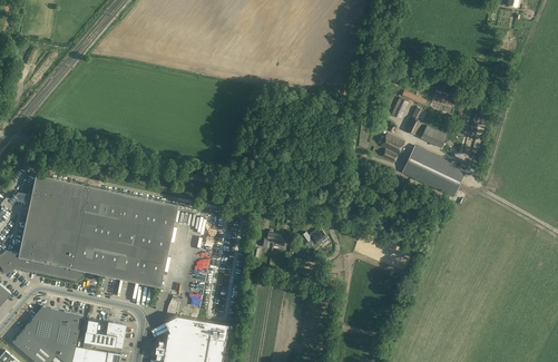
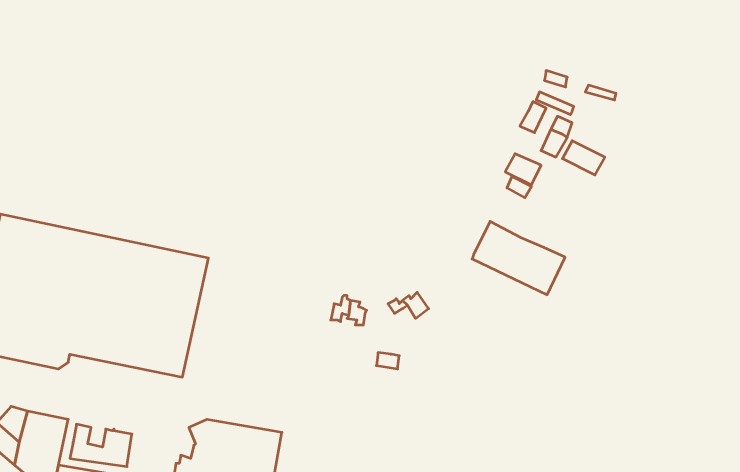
building: [402,146,466,196] -> [472,221,565,295]

